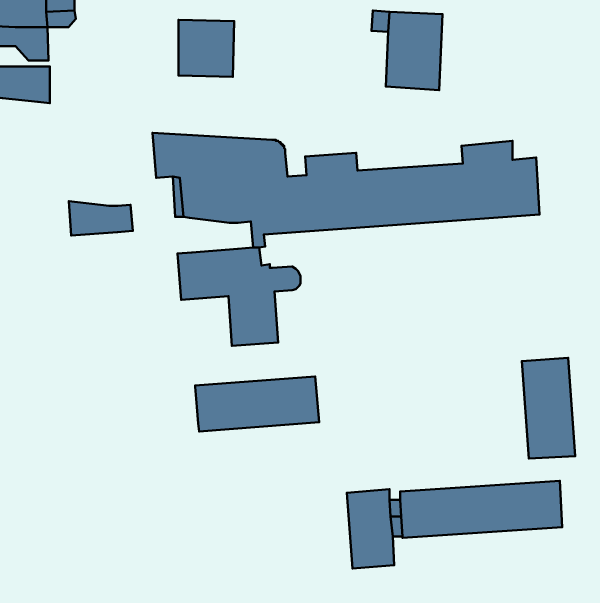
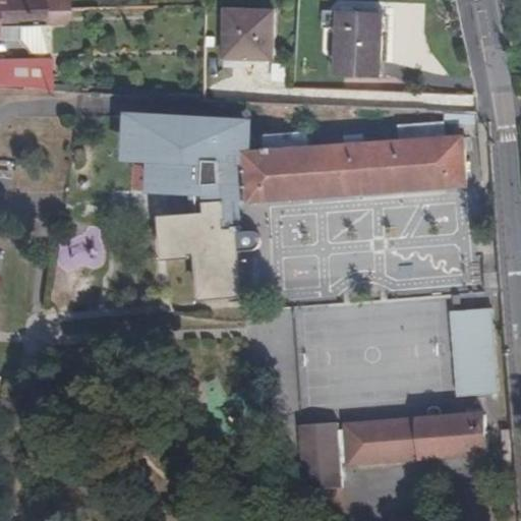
building: [179,20,234,77] -> [223,9,271,58]
building: [69,201,133,236] -> [163,187,218,217]
building: [195,376,319,432] -> none

